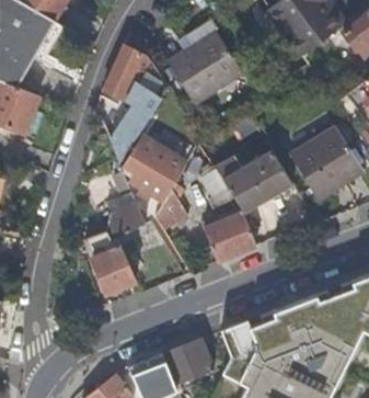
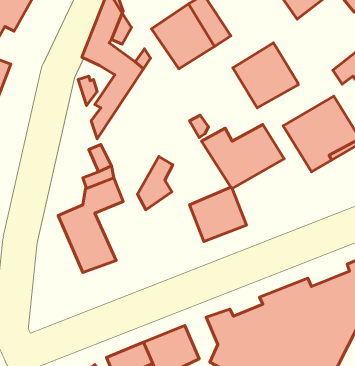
building: none -> [233,43,298,108]
building: [124,138,183,198] -> none

